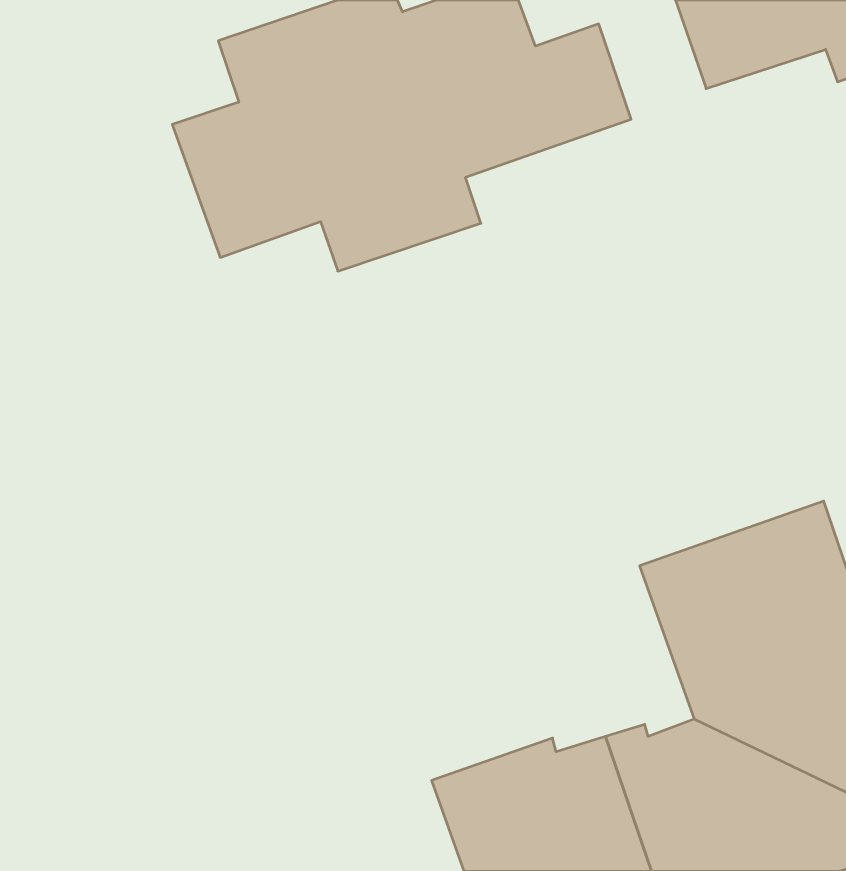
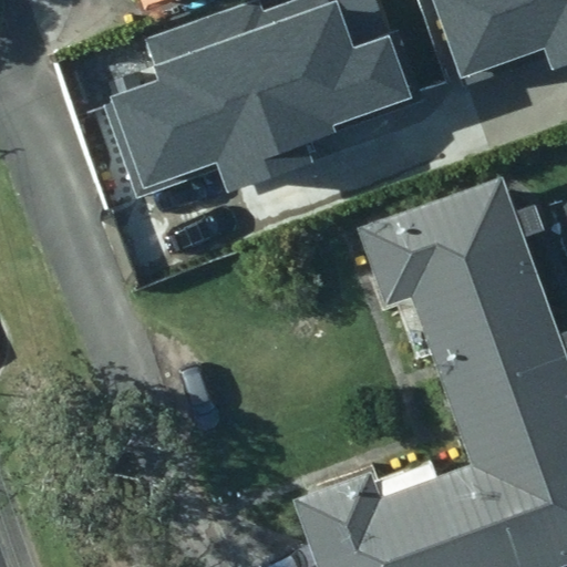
building: none -> [365,196,551,368]

